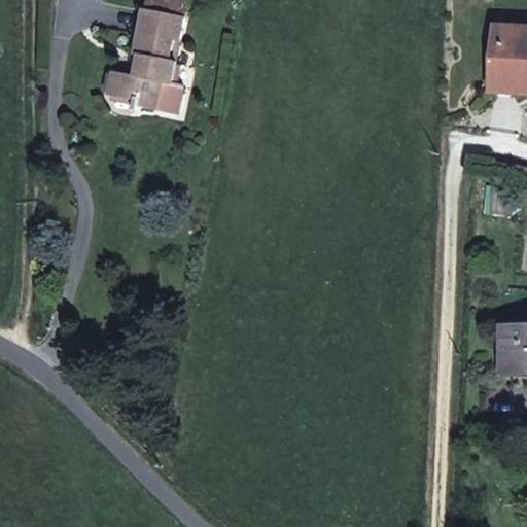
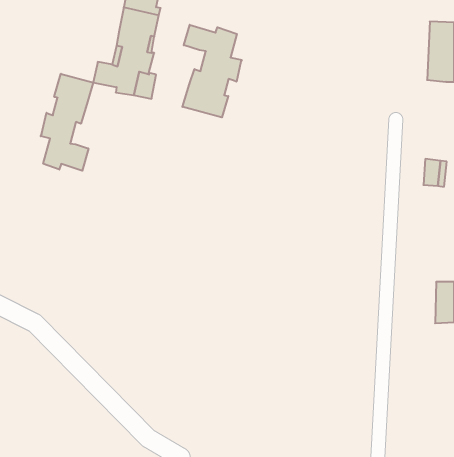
building: none -> [182,25,242,117]
building: none -> [41,74,93,171]

